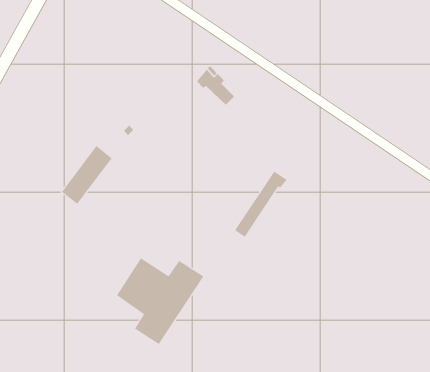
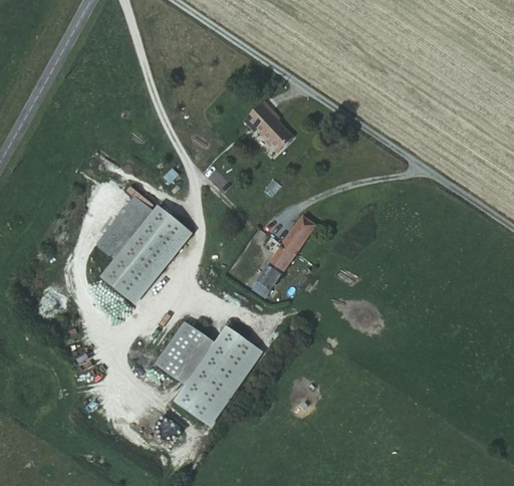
building: none -> [105,207,187,300]
building: [234,171,287,237] -> [259,215,318,289]

